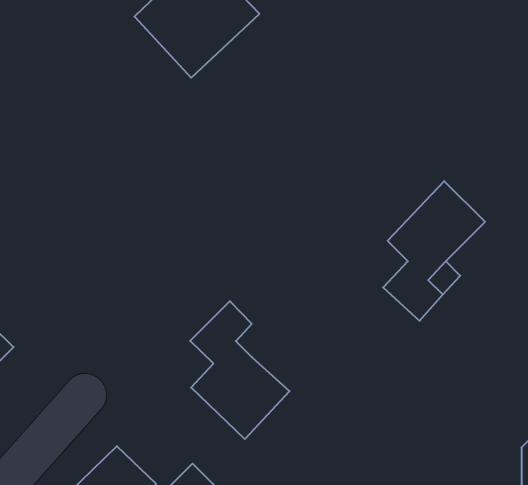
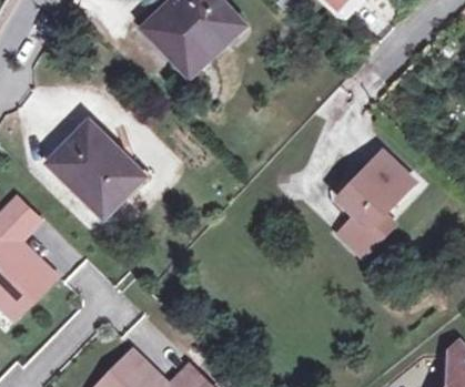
building: none -> [49,124,138,217]
building: [190,301,290,439] -> none

